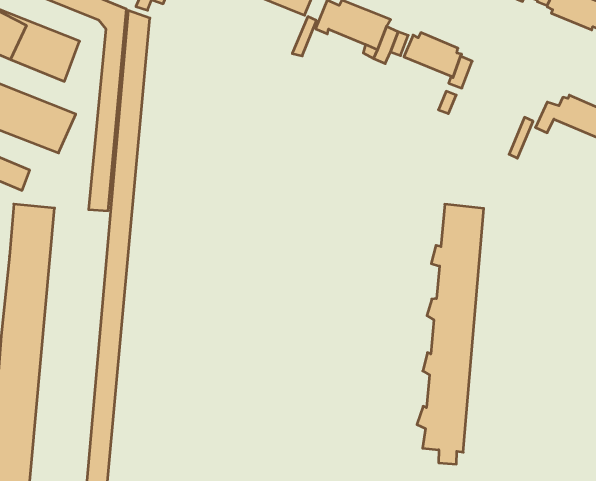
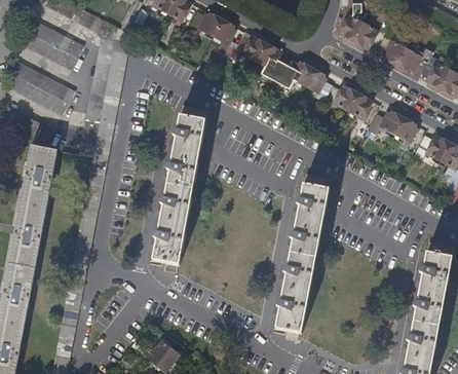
building: none -> [327,84,372,118]
building: none -> [149,104,206,271]

